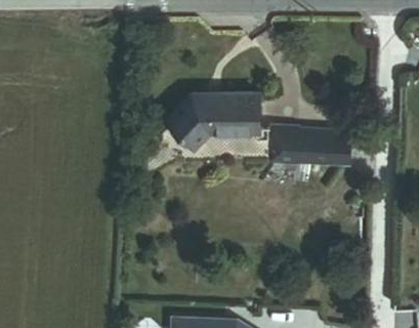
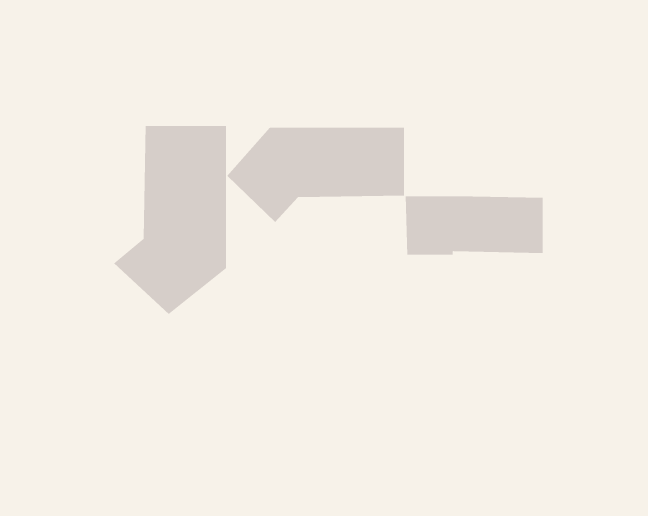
building: none -> [113,125,226,315]

